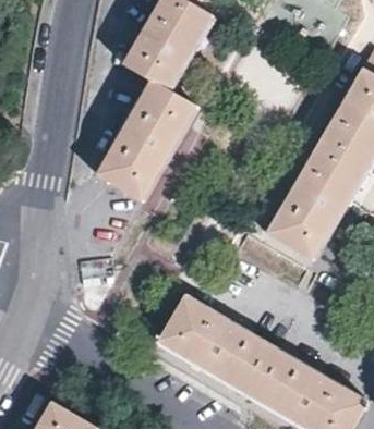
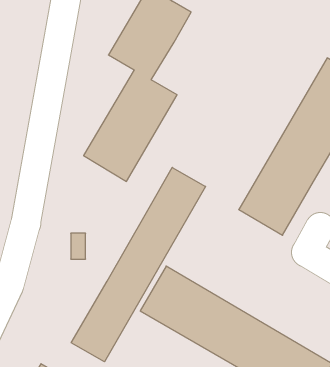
building: none -> [71,167,206,362]

